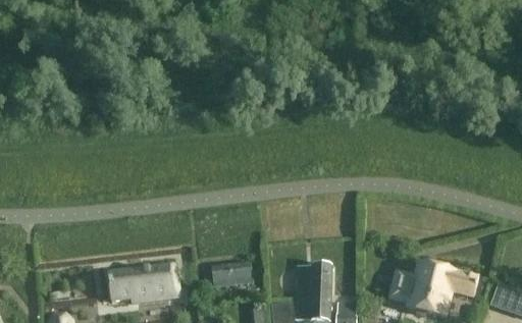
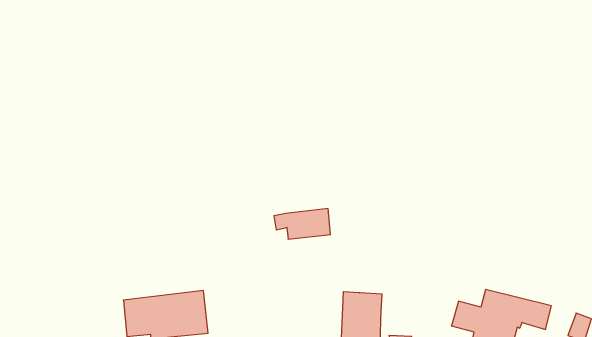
building: [202,259,251,285] -> [274,209,330,239]

